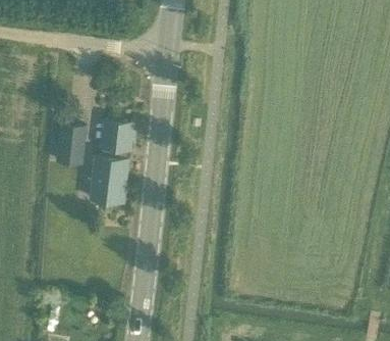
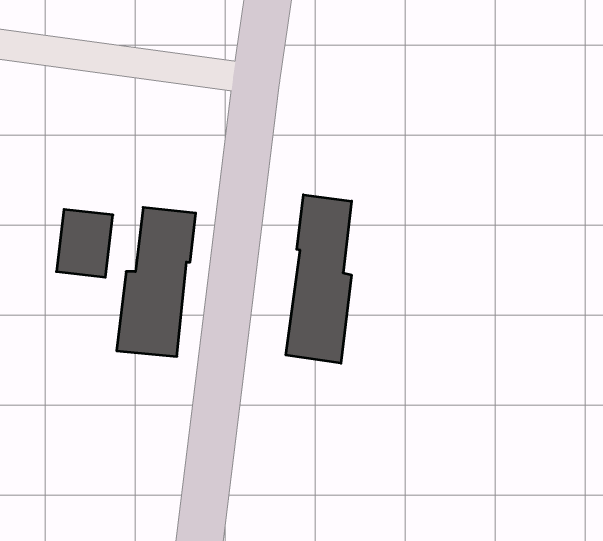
building: none -> [286,195,352,363]

